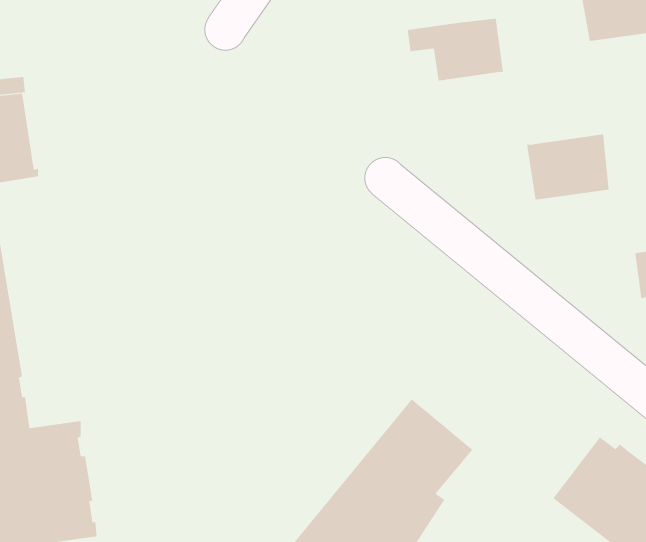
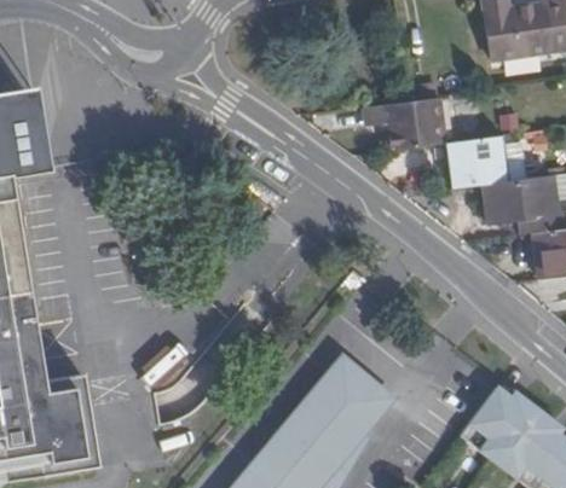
building: [407,18,504,81] -> [364,98,444,150]
building: none -> [484,185,530,223]

